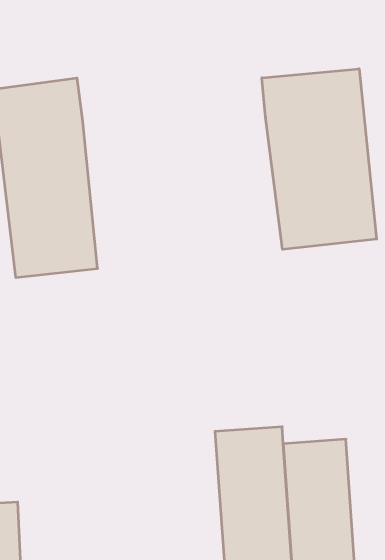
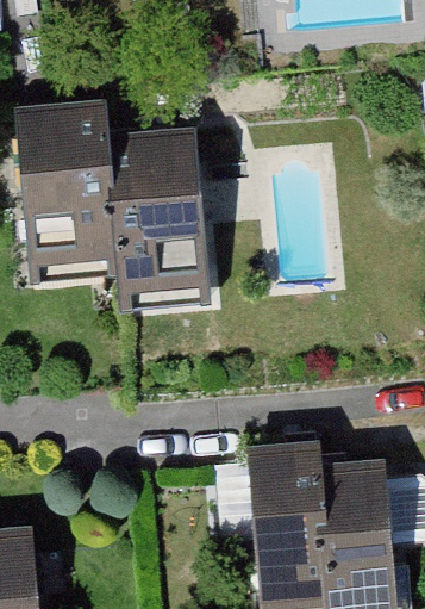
building: [262,69,377,249] -> none
building: none -> [100,120,204,313]

